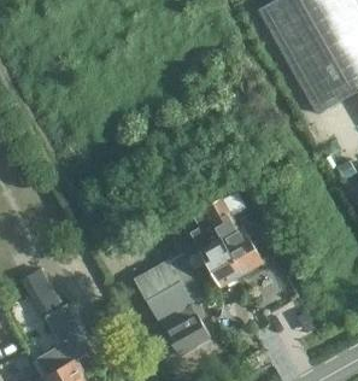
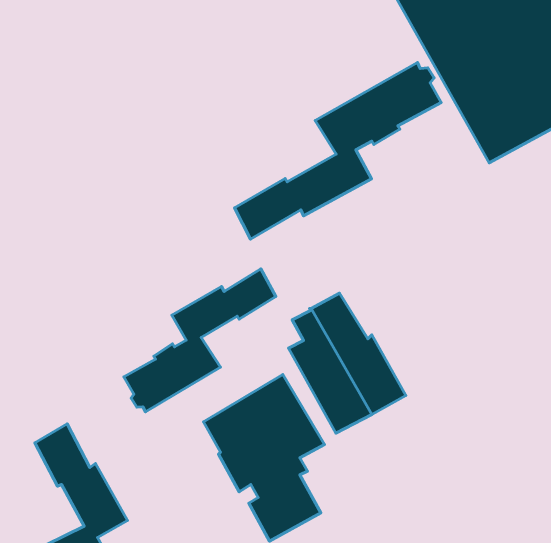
building: none -> [235,63,441,239]
building: none -> [124,269,276,412]

